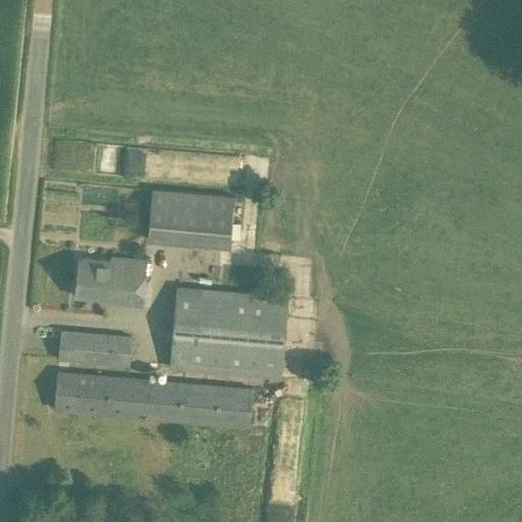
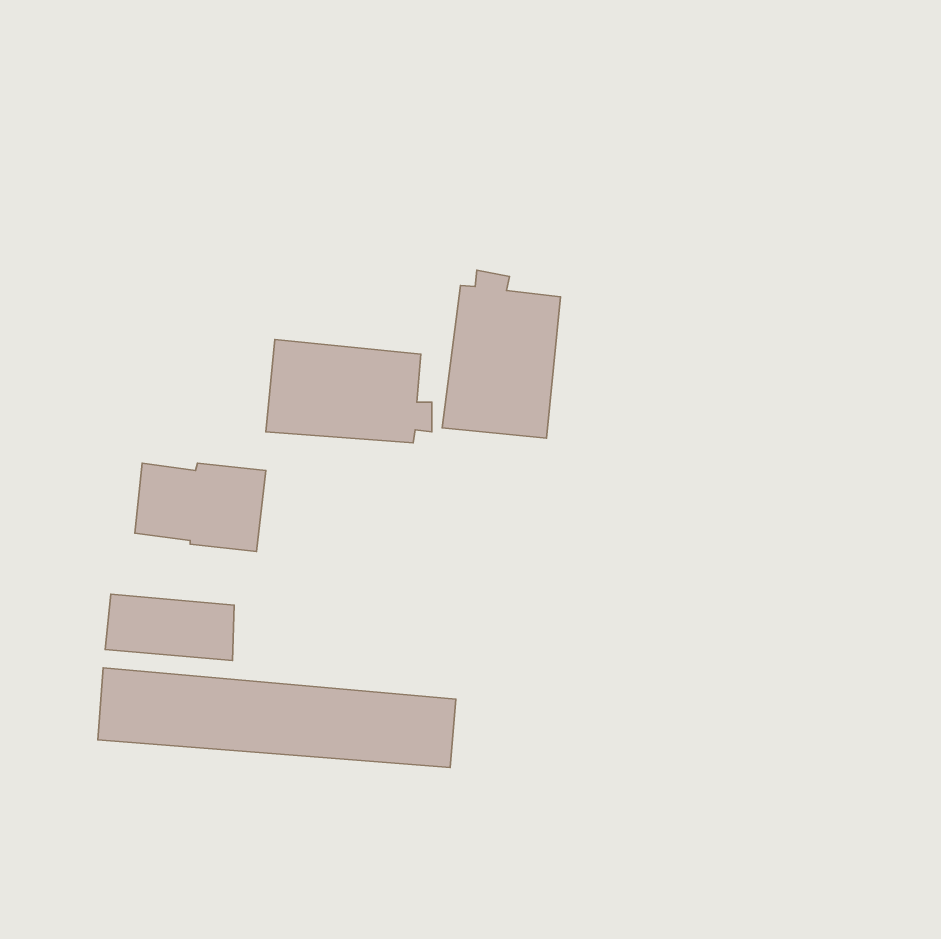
building: none -> [442,270,561,438]
building: [168,288,285,378] -> none

